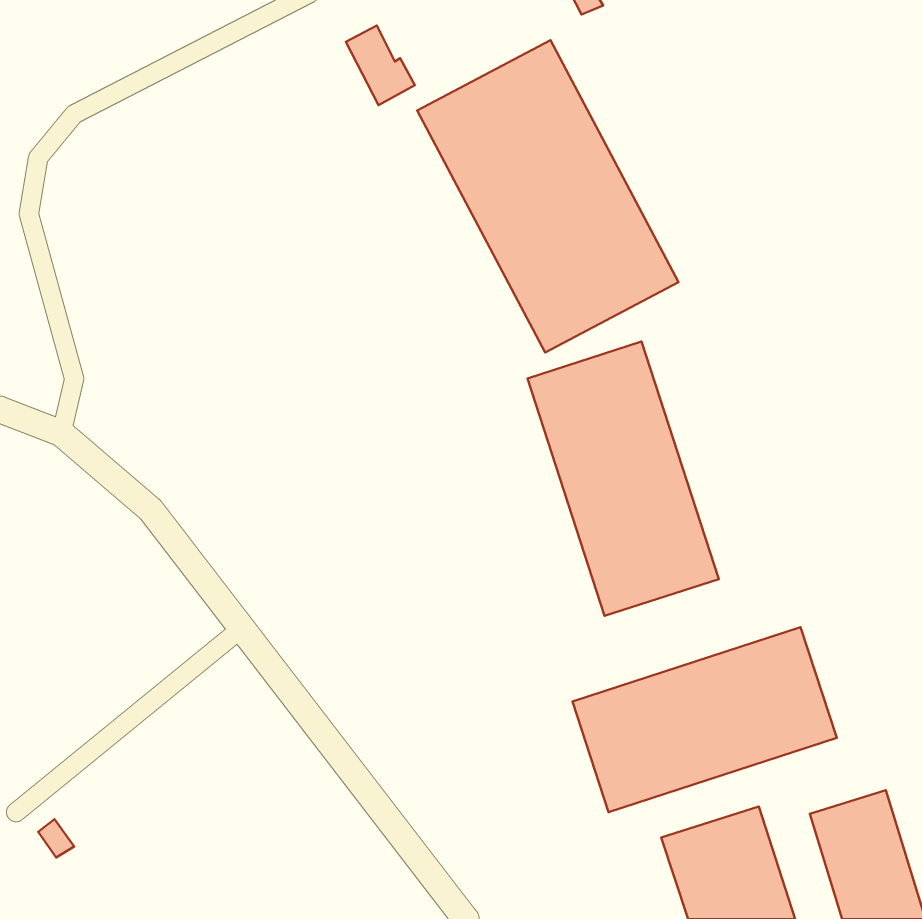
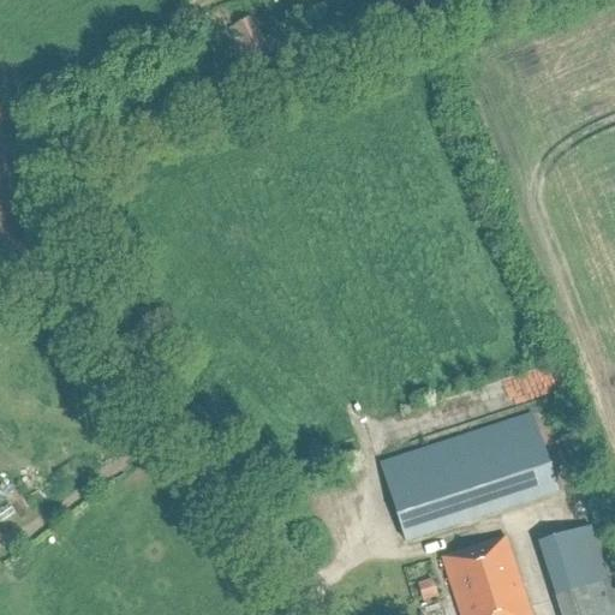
building: [417,40,679,352] -> none
building: [527,342,719,616] -> none

